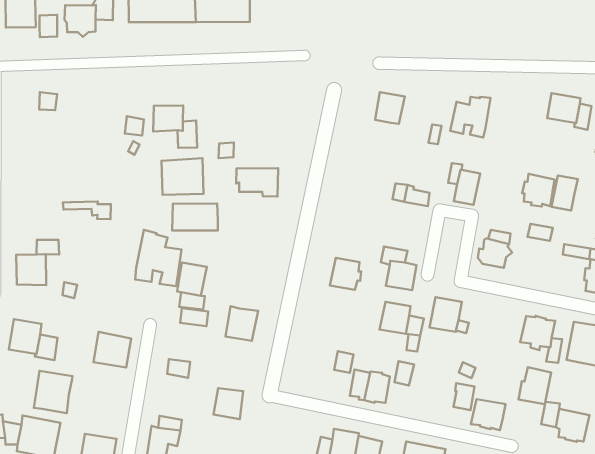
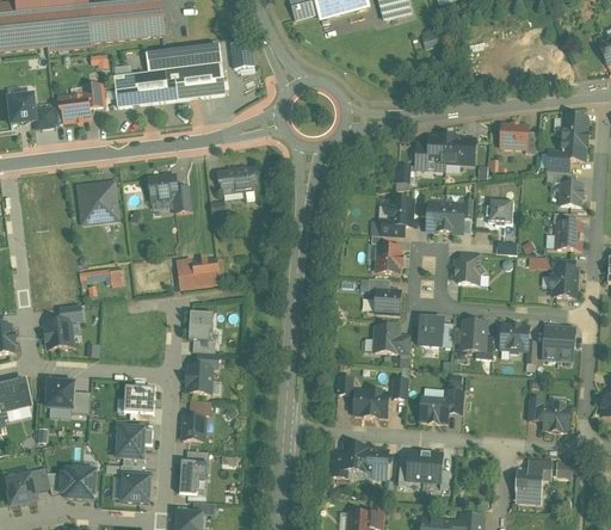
building: [375,92,405,124] -> [388,198,412,224]
building: none -> [445,134,474,162]
building: none -> [78,183,117,220]
building: [161,158,203,195] -> none
building: [236,168,278,196] -> [216,166,255,192]
building: [552,175,578,211] -> [443,202,463,232]
building: [135,230,181,286] -> none
building: [330,258,361,290] -> [375,246,401,272]
building: [225,306,258,341] -> [185,365,211,394]
building: [518,367,551,404] -> [459,319,486,350]
building: [34,371,73,413] -> [115,425,146,460]
building: [214,388,243,419] -> [180,417,204,442]
building: [471,399,506,430] -> [419,396,448,421]

